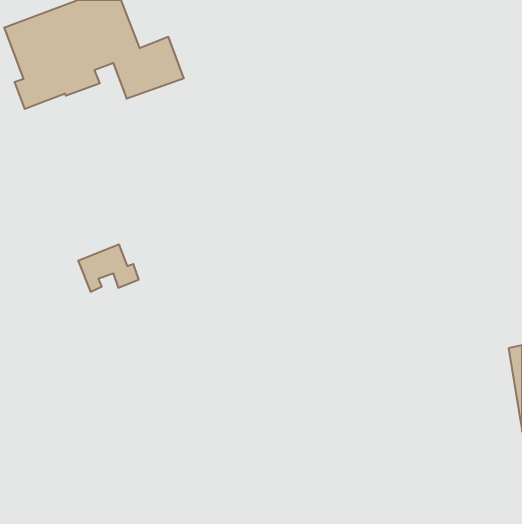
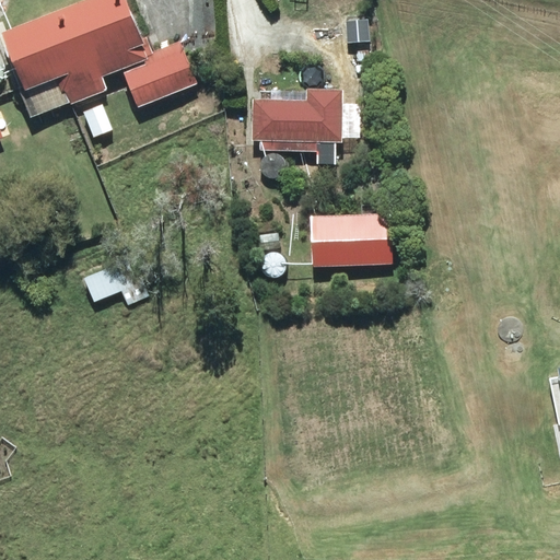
building: none -> [252,88,342,163]
building: none -> [310,213,392,266]

